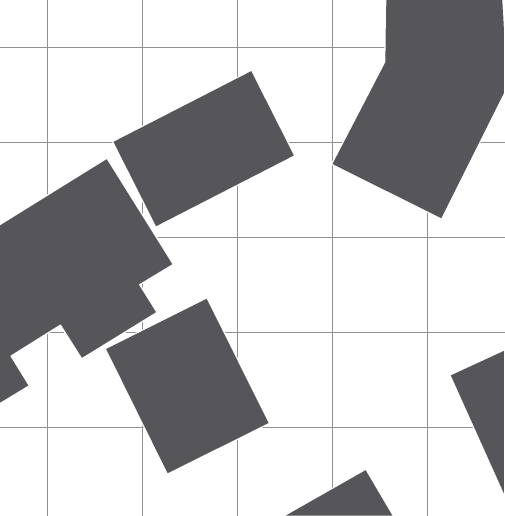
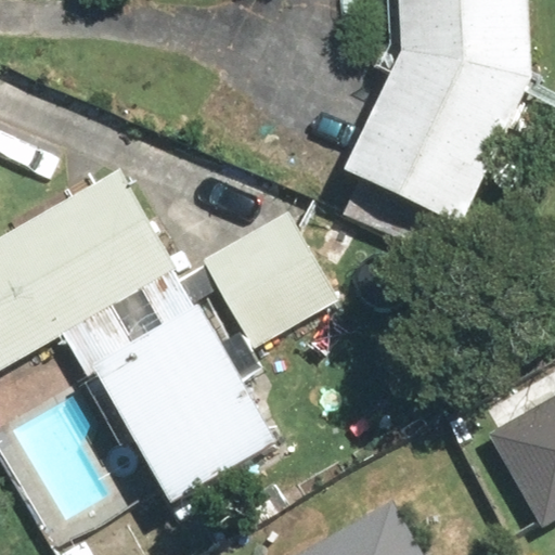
building: [112,70,295,227] -> none
building: none -> [207,210,338,346]

